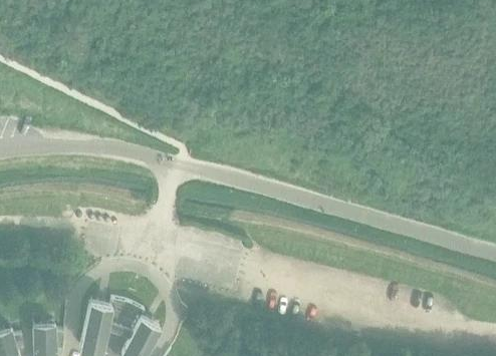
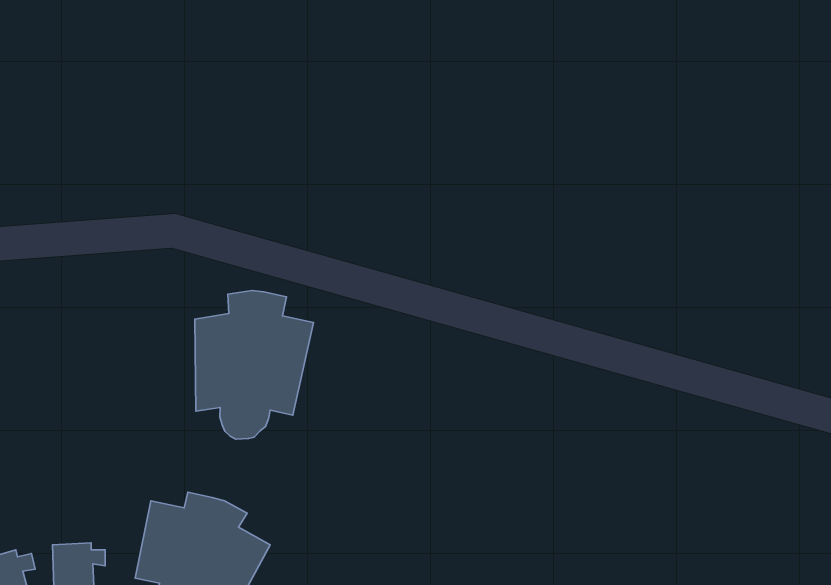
building: none -> [195,290,313,439]

